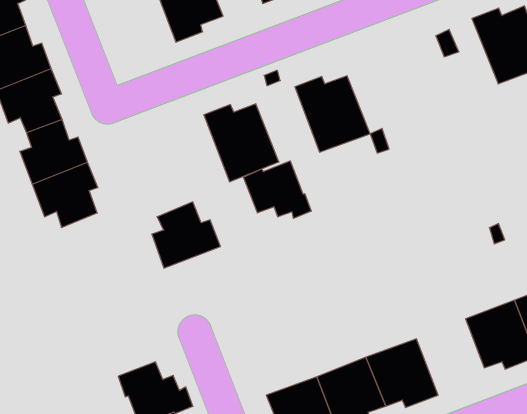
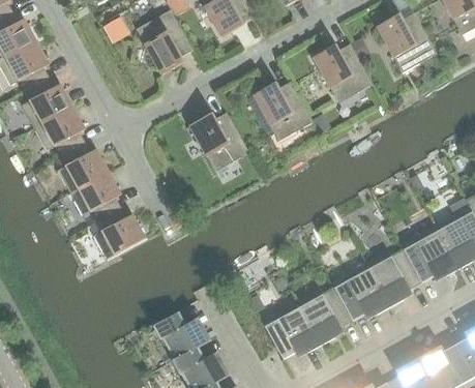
building: none -> [314,42,373,102]
building: [243,161,311,218] -> none
building: [152,202,220,268] -> [94,207,146,259]
building: none -> [368,247,421,306]

